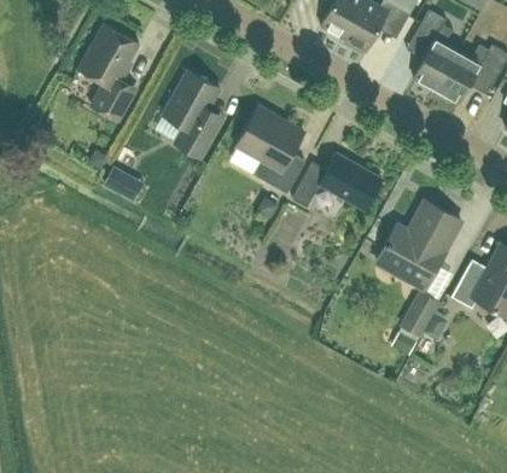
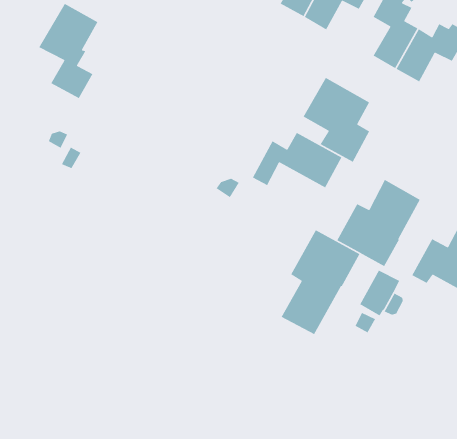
building: [163,70,223,158] -> none
building: [237,106,304,192] -> [303,77,370,163]
building: none -> [280,229,360,335]

